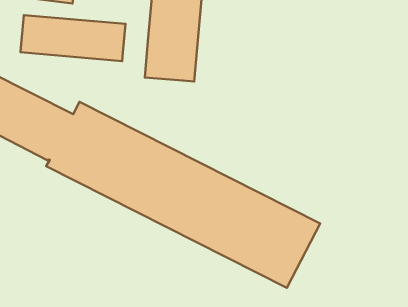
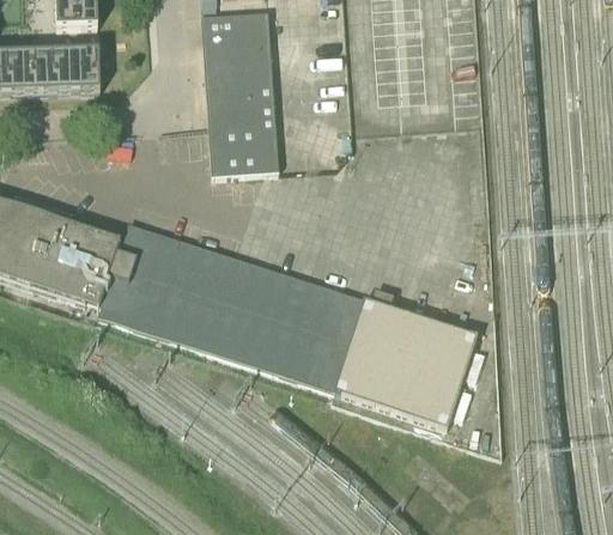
building: [21,15,125,61] -> none

